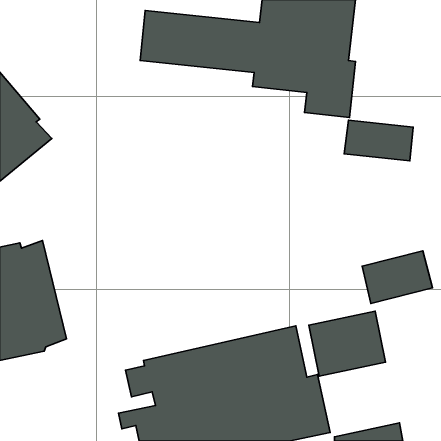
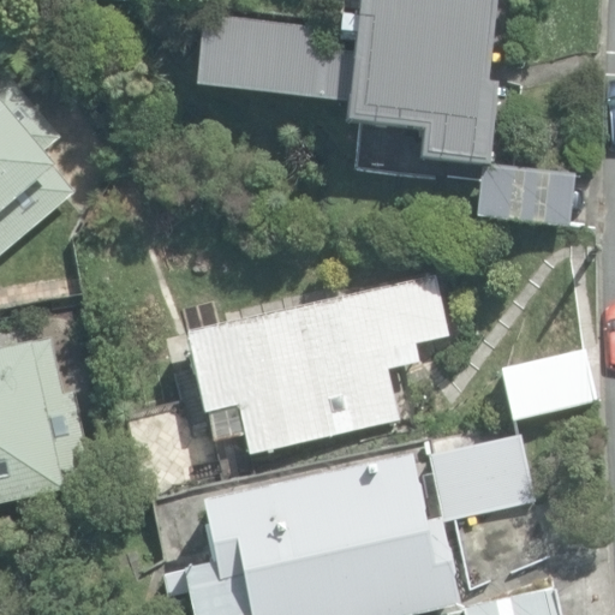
building: none -> [189,274,447,453]

